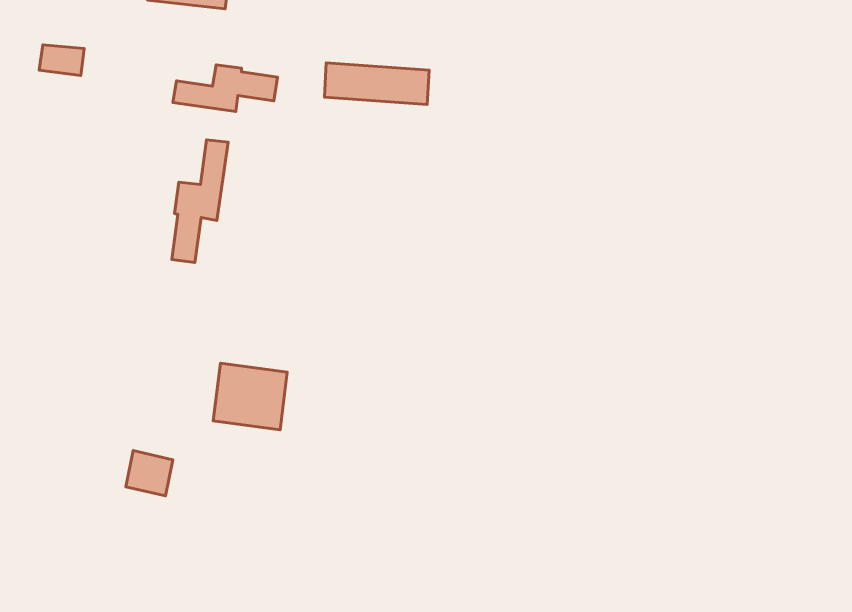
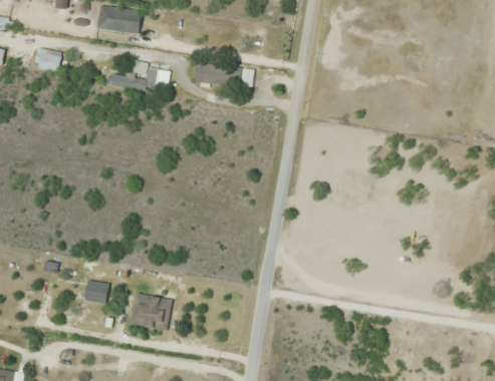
building: [172,140,228,262] -> none
building: [213,363,287,430] -> [130,293,171,330]

